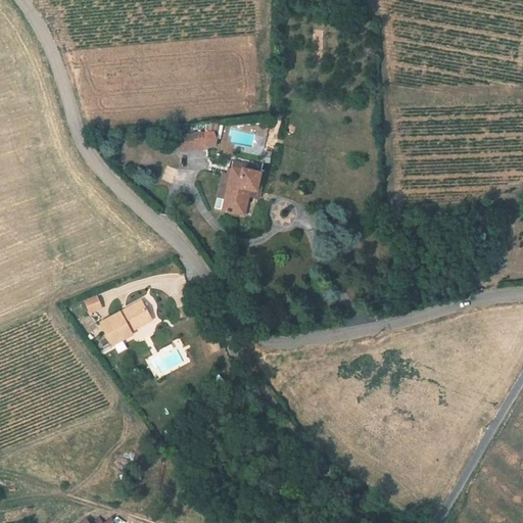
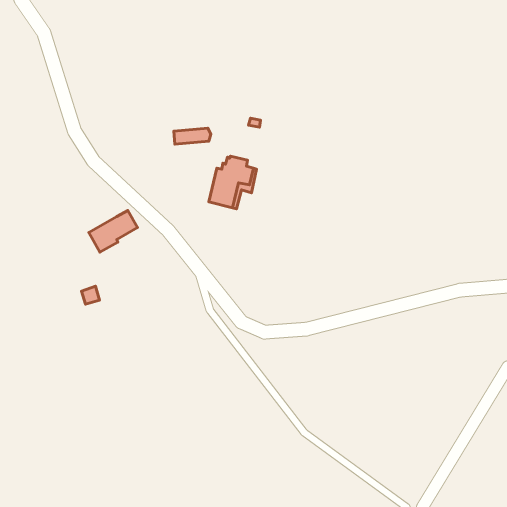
building: [102,301,152,344] -> [89,211,138,252]

